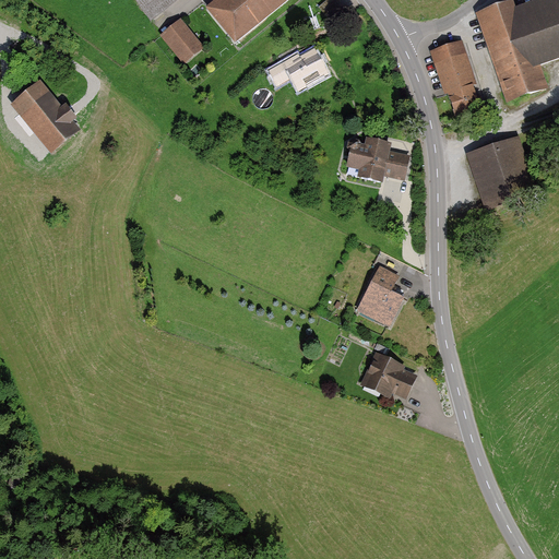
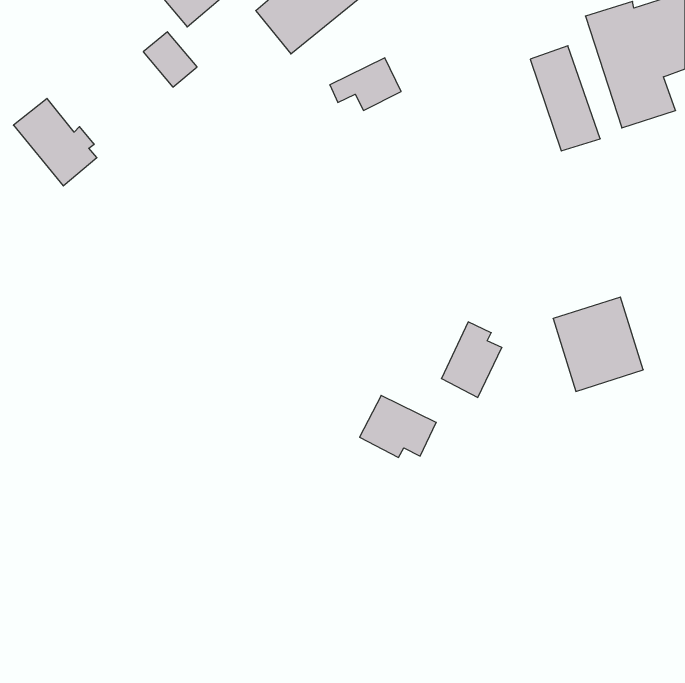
building: [160,17,204,62] -> [143,32,197,87]
building: [341,131,412,179] -> none
building: [465,133,538,210] -> [553,297,643,391]
building: [356,348,418,399] -> [360,395,436,457]

